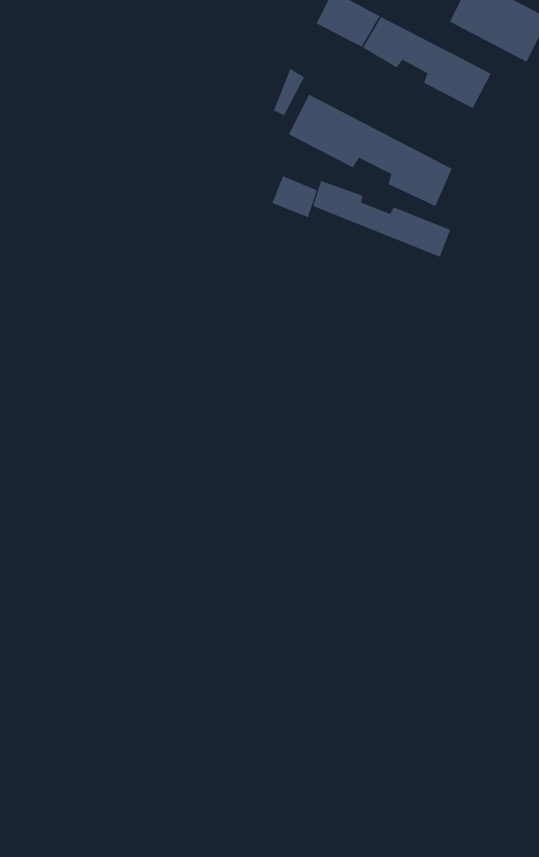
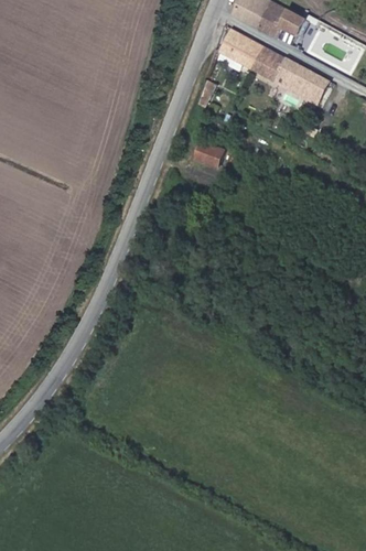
building: [288,94,452,207] -> none
building: [313,180,451,258] -> none

